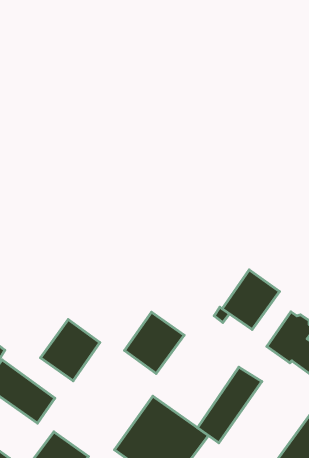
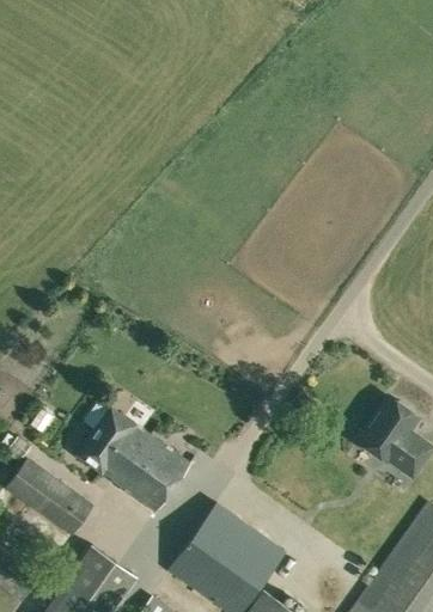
building: [222,270,279,329] -> none
building: [125,312,184,374] -> [117,436,191,513]
building: [198,367,262,443] -> none

